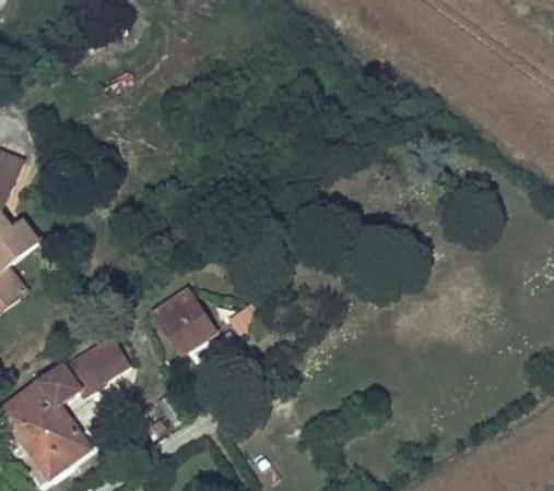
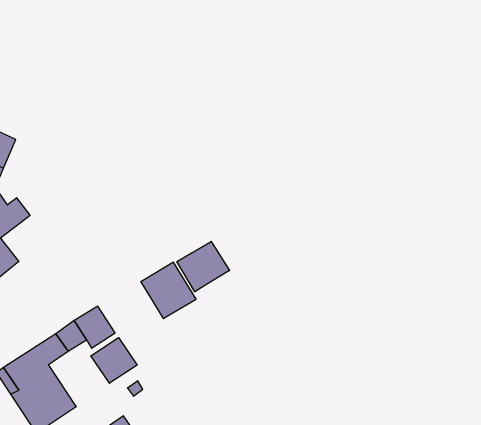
building: none -> [177,241,230,292]
building: none -> [91,338,137,383]

